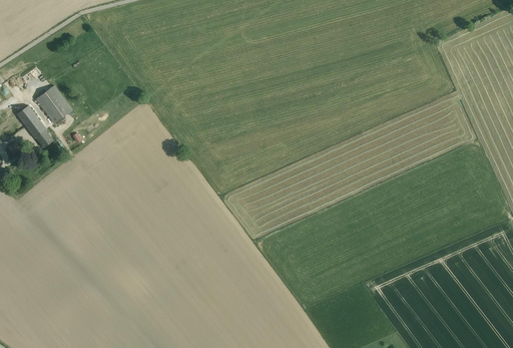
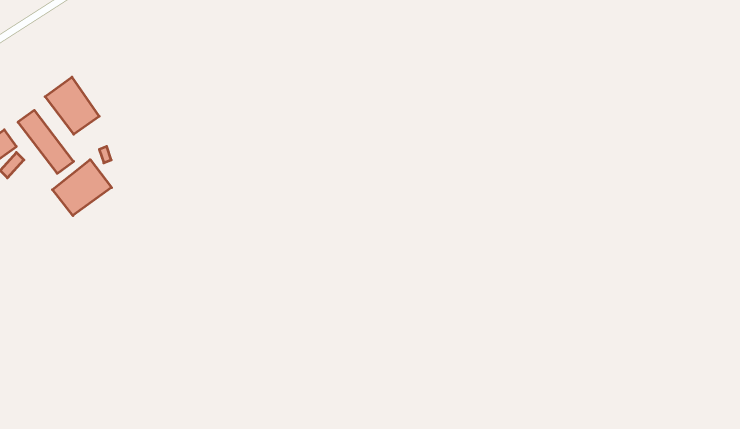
building: none -> [52,160,112,216]

